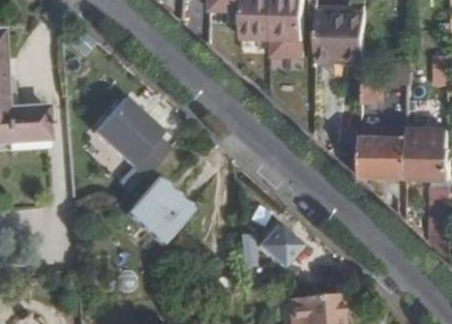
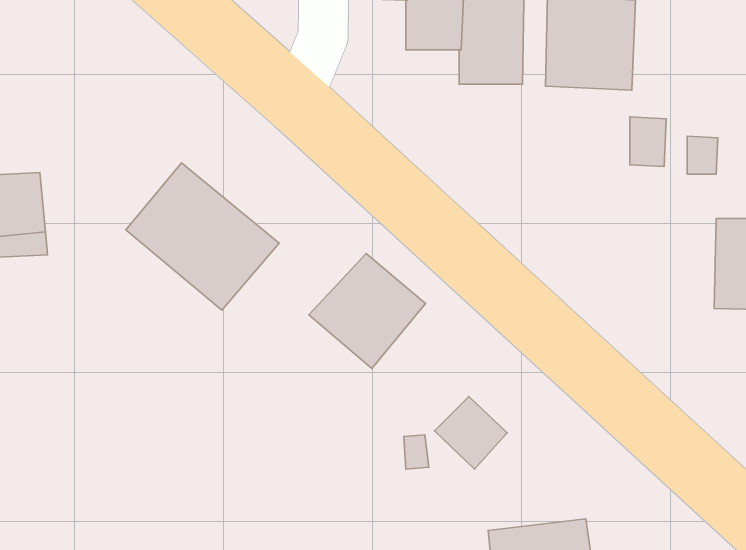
building: [359,126,409,179] -> none
building: [124,180,187,242] -> [309,254,426,368]

